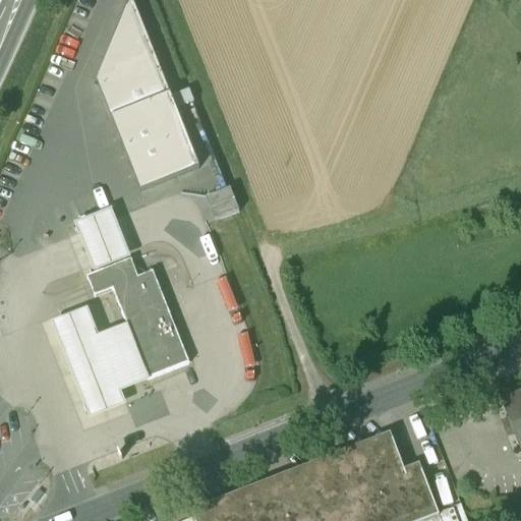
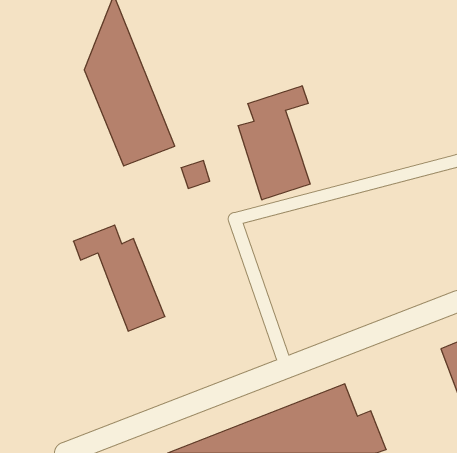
building: none -> [238,86,310,200]
building: [72,206,131,271] -> none
building: [52,307,149,417] -> none

